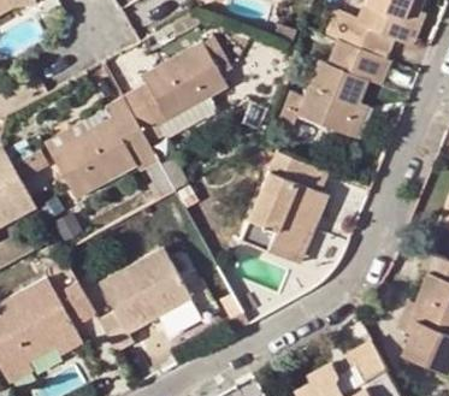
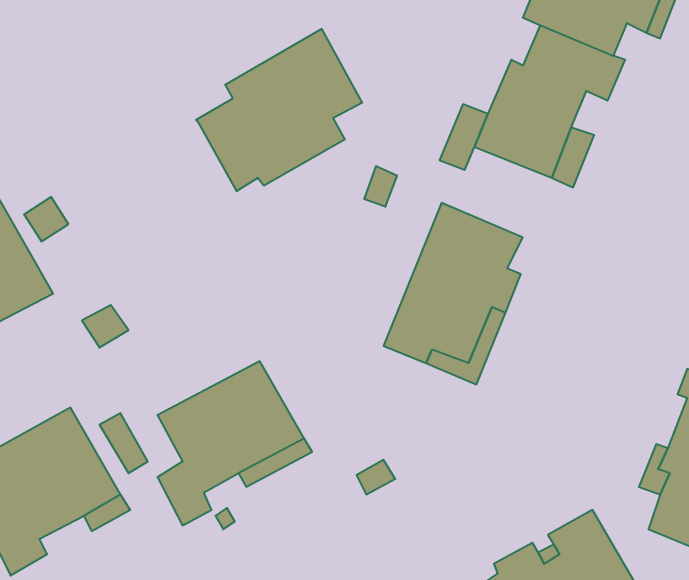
building: [46,100,159,199] -> none

